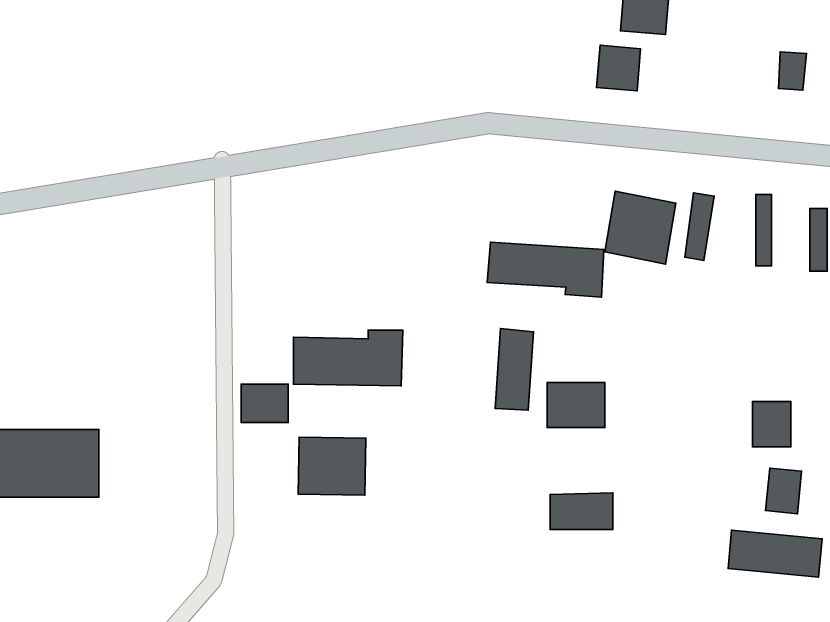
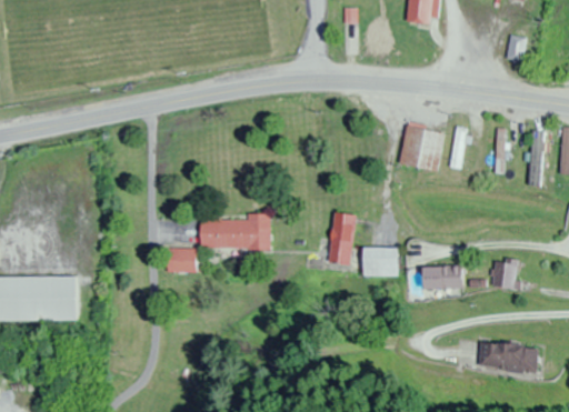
building: [597,45,641,91] -> none
building: [487,242,604,297] -> none
building: [298,437,366,495] -> none
building: [766,468,802,514] -> none
building: [550,493,613,529] -> [421,264,461,288]

